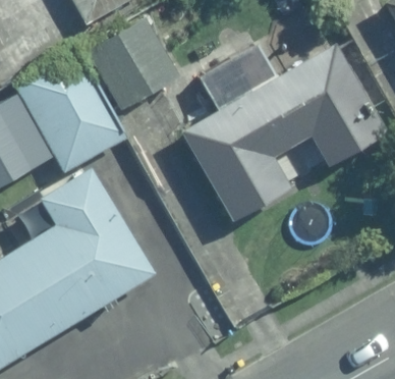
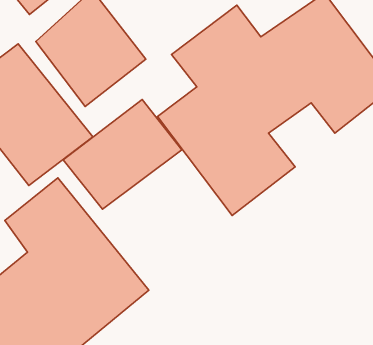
building: none -> [63,99,182,209]

